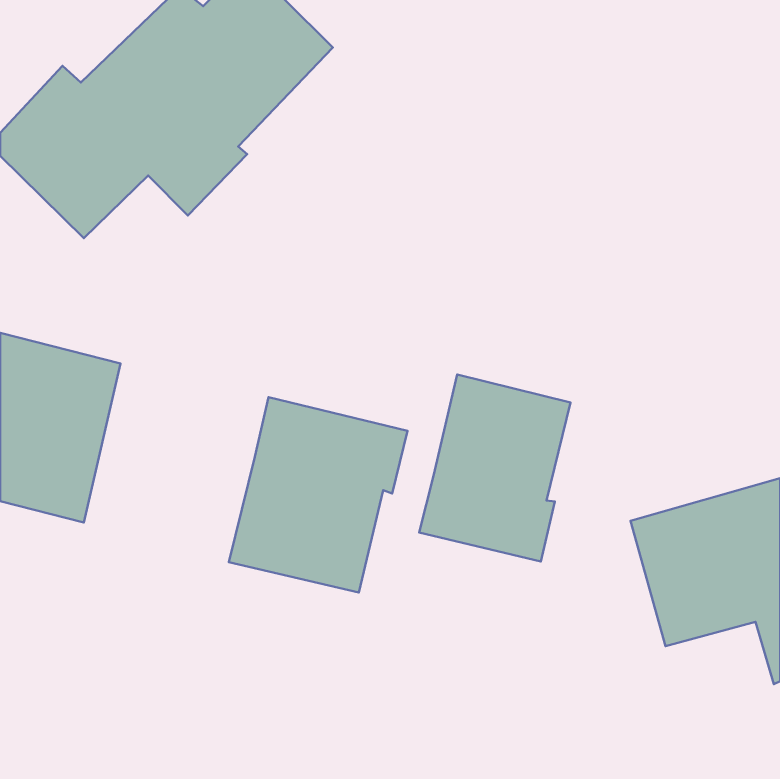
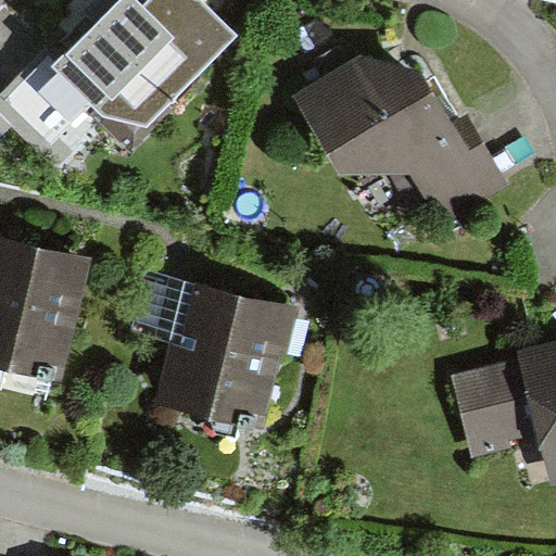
building: none -> [299,63,508,230]
building: [419,375,570,562] -> none

